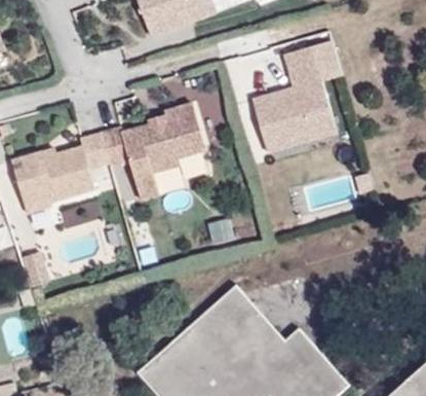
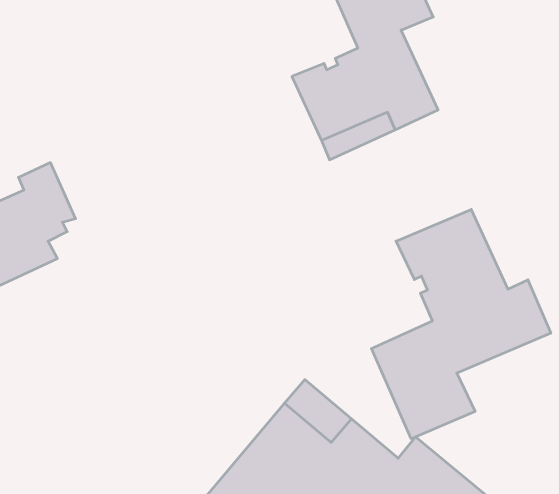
building: [101,102,207,200] -> none
building: none -> [371,209,551,439]

